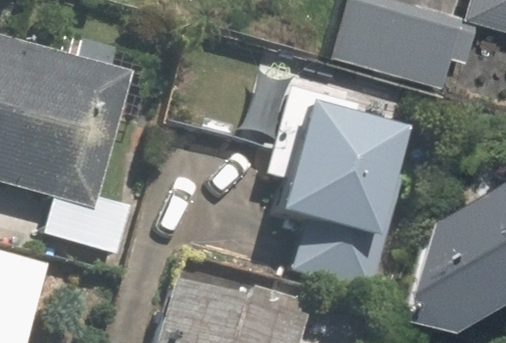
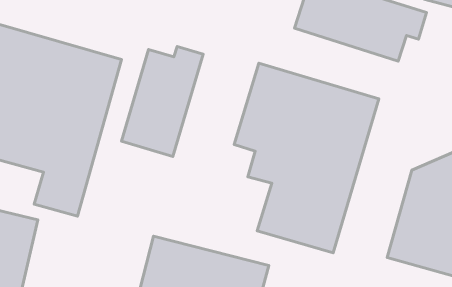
building: none -> [121,46,203,156]

